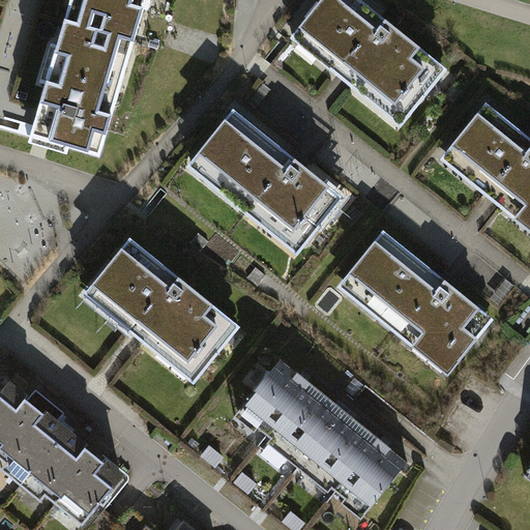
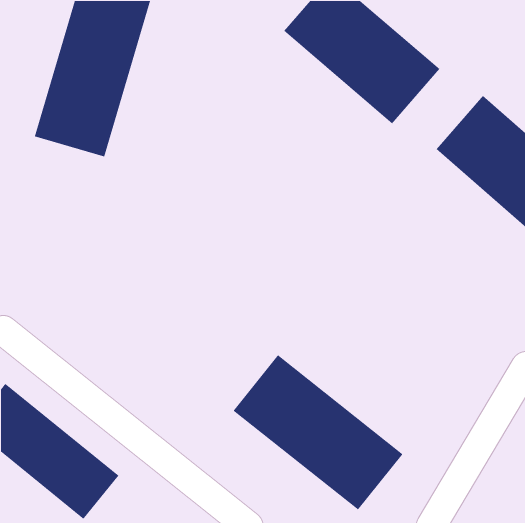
building: [182,106,343,256] -> none
building: [343,230,490,366] -> none
building: [87,236,239,377] -> none

